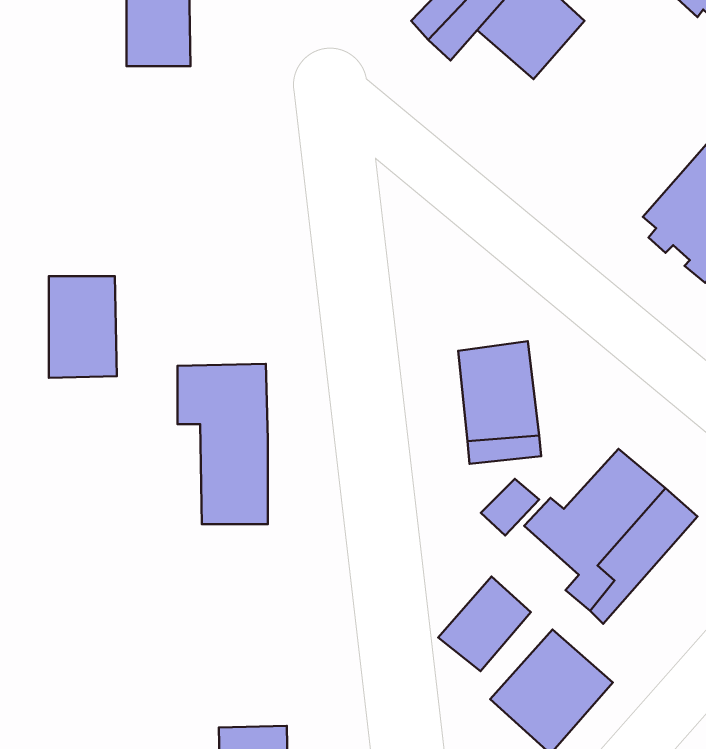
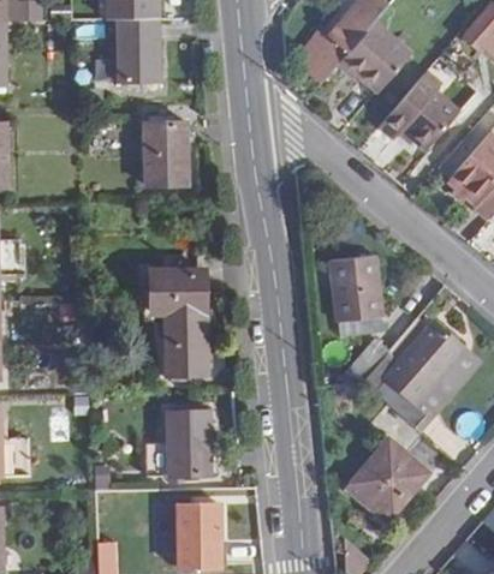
building: none -> [376,54,458,149]
building: [49,276,117,378] -> [144,120,188,185]
building: [438,576,531,671] -> none
building: none -> [143,411,208,477]

